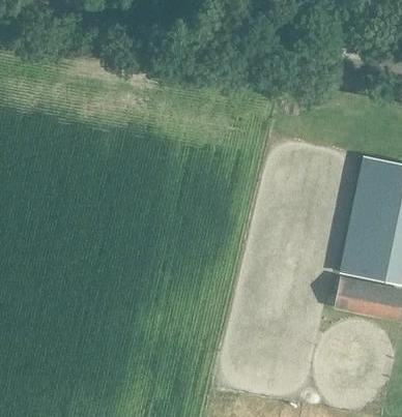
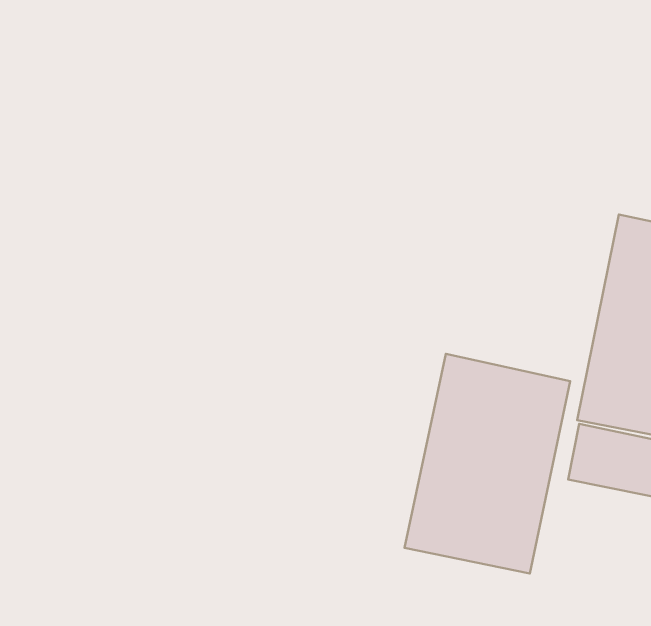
building: none -> [405,354,570,574]

